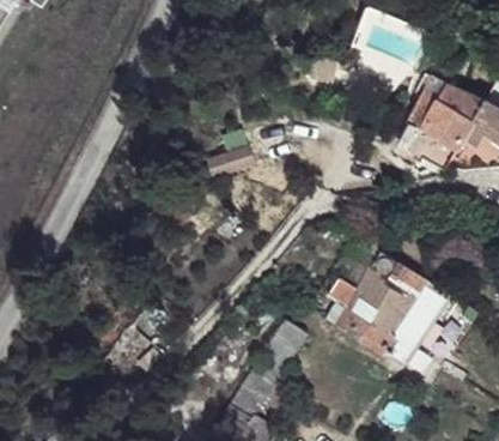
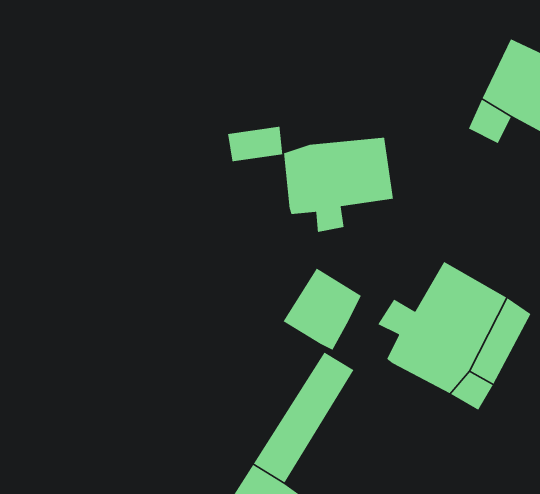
building: none -> [283,137,394,233]
building: none -> [283,267,362,351]

